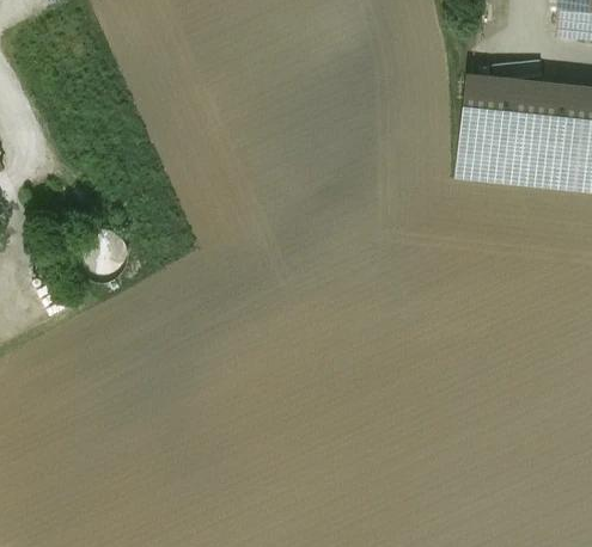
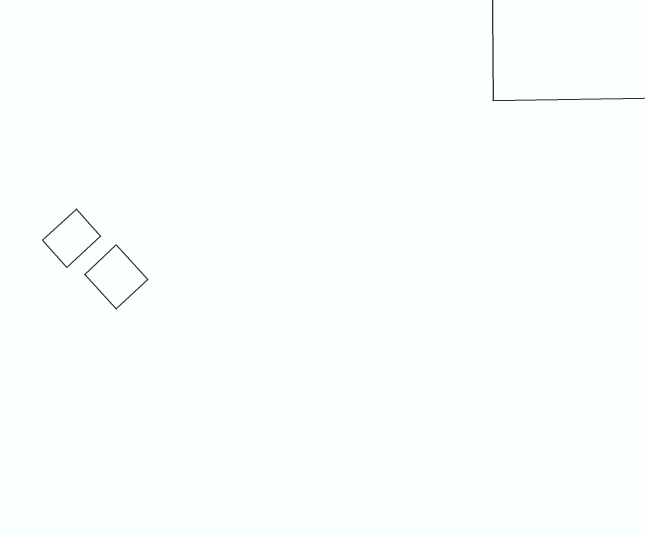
building: none -> [85,245,148,309]

